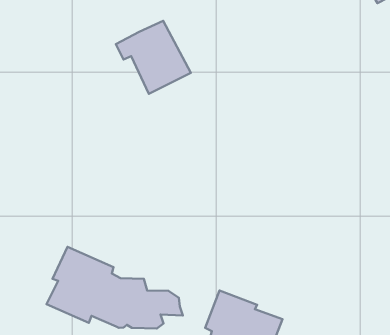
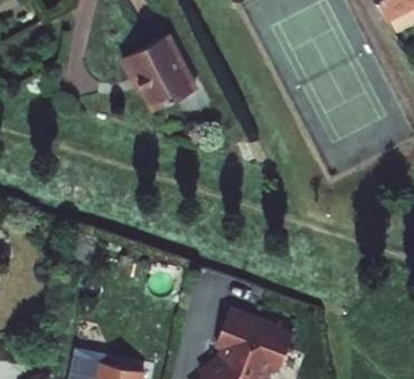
building: [47,247,183,328] -> none

